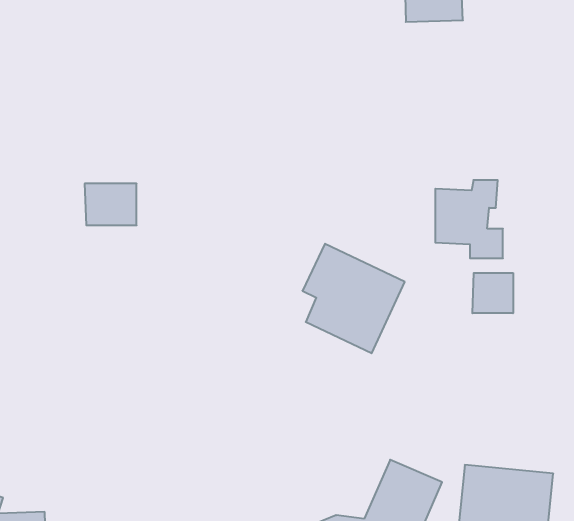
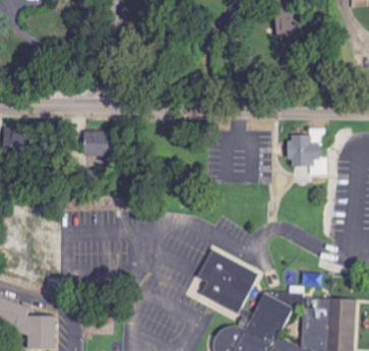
building: [302,244,405,353] -> [196,249,256,313]
building: [472,273,513,313] -> none

